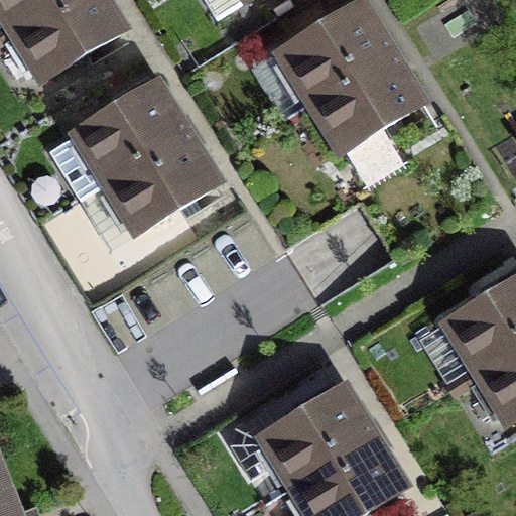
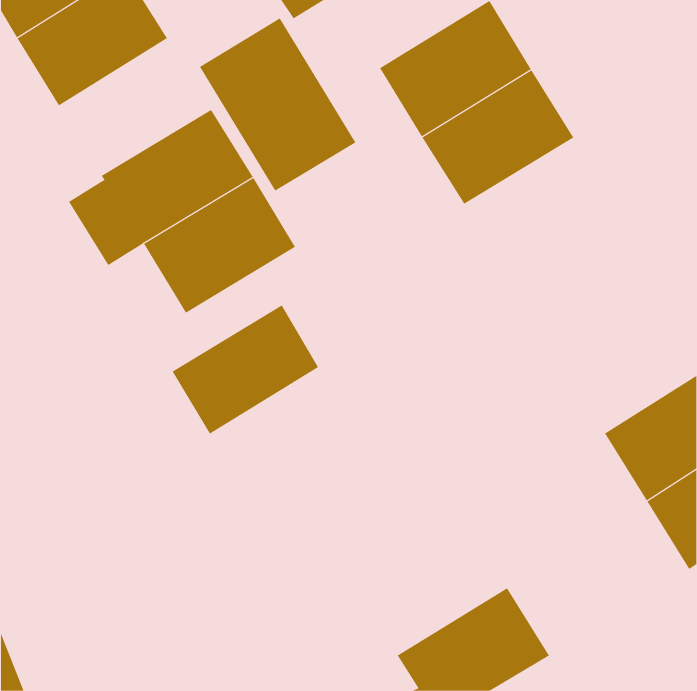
building: none -> [199,17,356,192]
building: none -> [172,304,319,435]
building: [232,384,375,485] -> none

